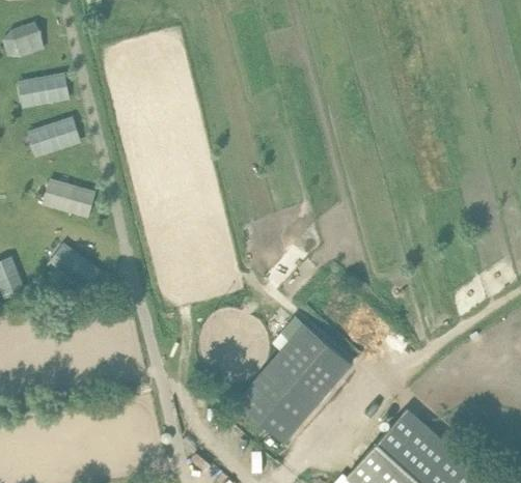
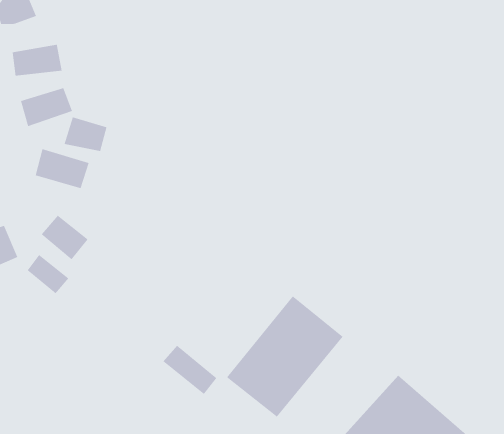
building: none -> [64,116,107,152]
building: none -> [27,254,69,294]
building: none -> [162,345,217,395]

